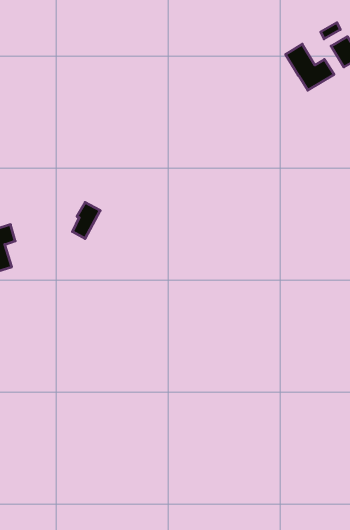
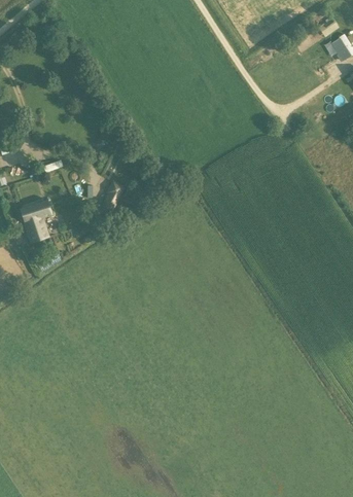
building: [286,44,334,90] -> none

